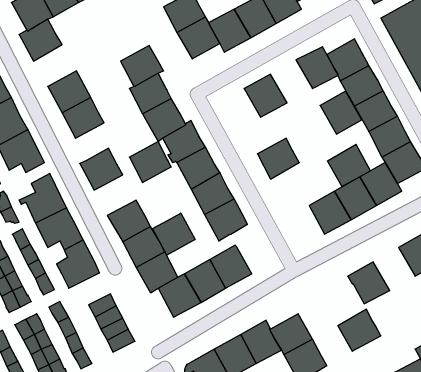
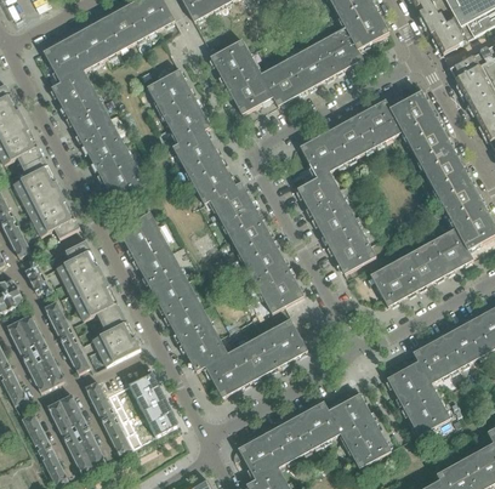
building: none -> [147,69,194,115]
building: none -> [67,97,114,143]
building: [320,91,362,134] -> [328,114,374,161]
building: none -> [296,171,345,217]
building: [129,142,171,182] -> [133,240,180,285]
building: [327,144,370,186] -> [328,227,375,273]
building: [153,213,195,255] -> none
building: none -> [440,320,487,368]
building: none -> [386,360,433,406]

